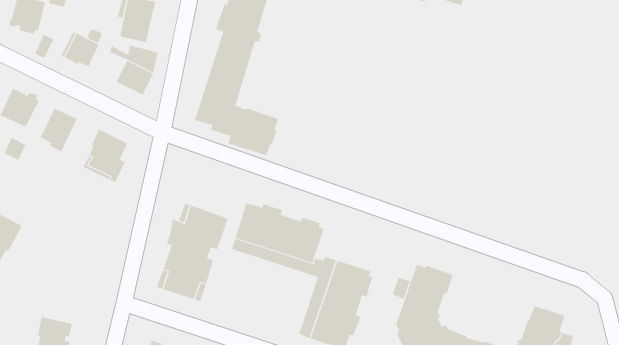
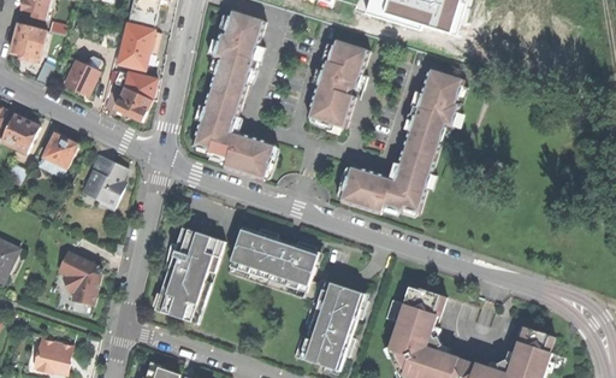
building: none -> [307,40,369,129]
building: none -> [340,70,464,214]
building: none -> [58,252,100,305]

